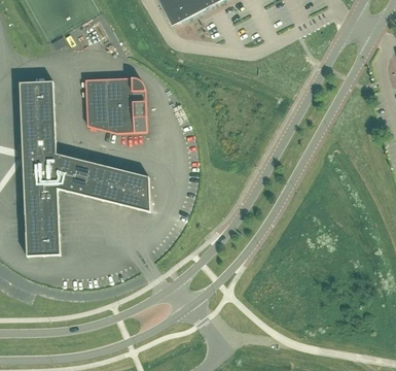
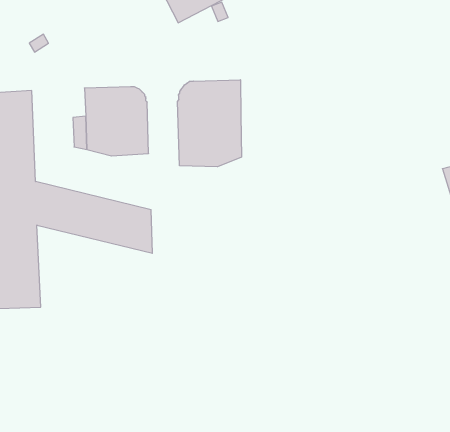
building: none -> [178,80,242,167]

